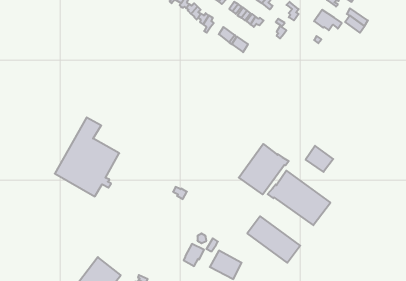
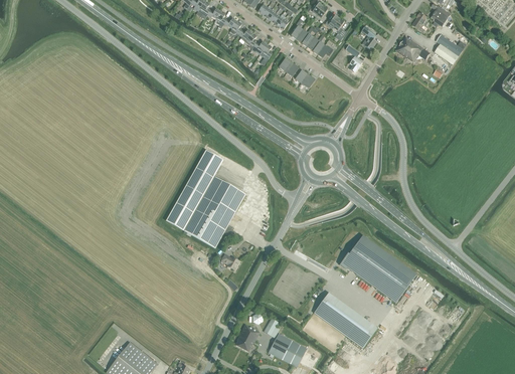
building: [55,117,119,196] -> [166,150,245,247]
building: [239,144,289,194] -> none
building: [306,146,333,172] -> none

